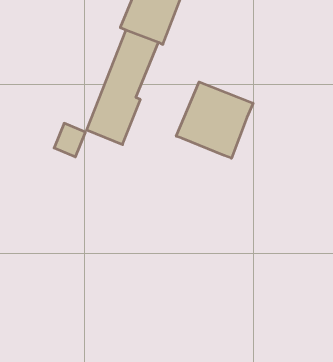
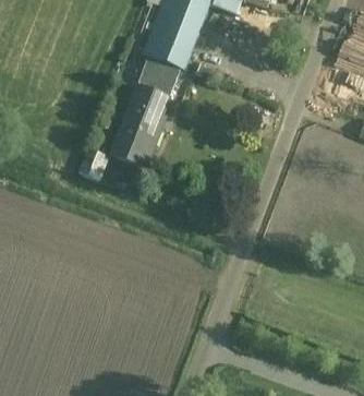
building: [176,82,253,158] -> none

